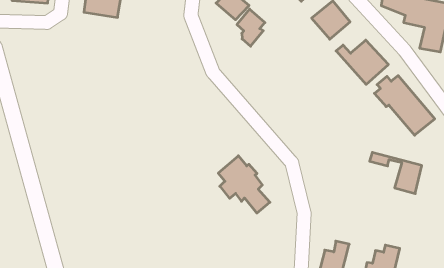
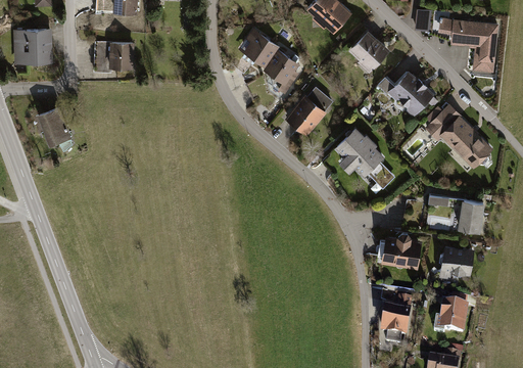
building: none -> [38,107,73,150]
building: none -> [284,86,334,138]
building: [218,156,270,213] -> [335,128,395,189]
building: none -> [376,232,421,269]
building: none -> [438,244,474,278]

